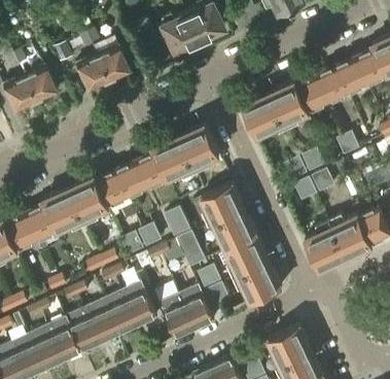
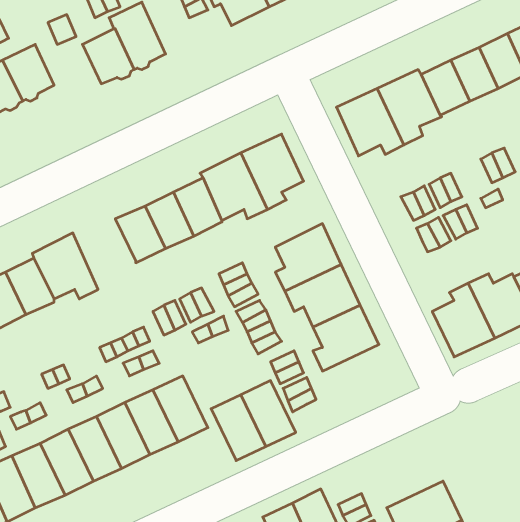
building: [68,176,109,226] -> none
building: [232,262,281,303] -> none
building: [268,324,311,369] -> none

